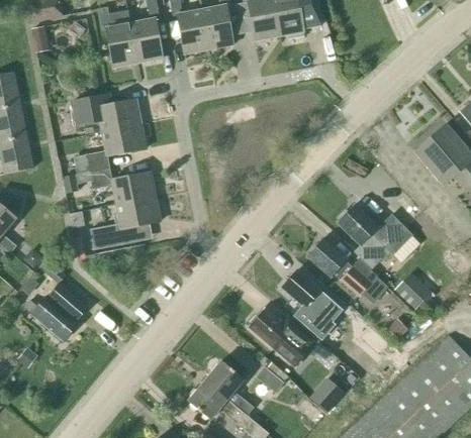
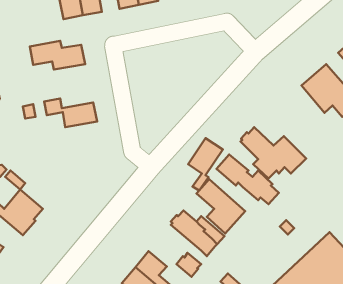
building: [75,124,147,175] -> none
building: [91,197,161,249] -> none
building: none -> [188,138,223,190]
building: [396,273,431,308] -> none

